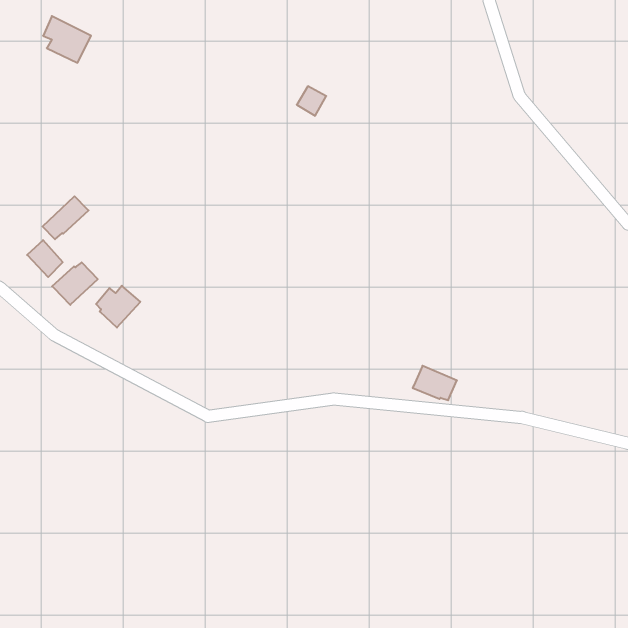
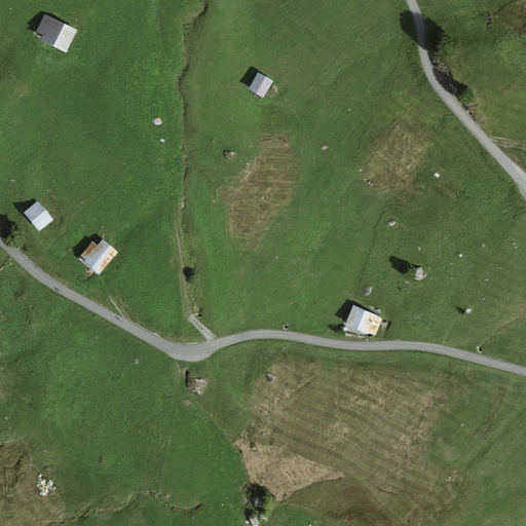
building: [43,196,89,239] -> none
building: [52,262,98,305] -> none

